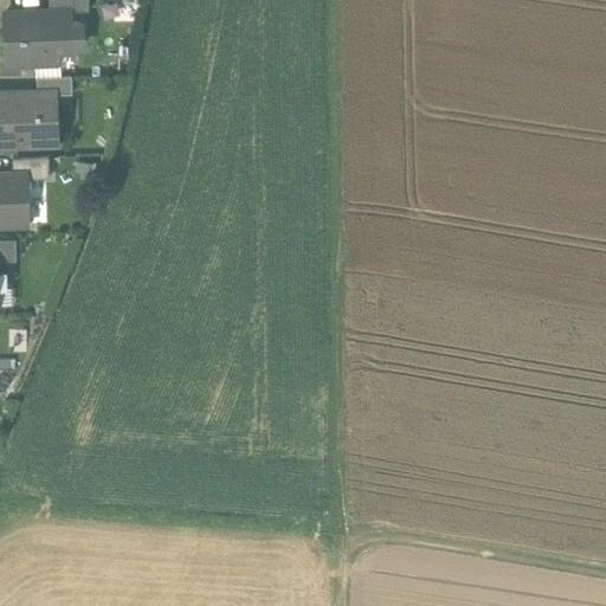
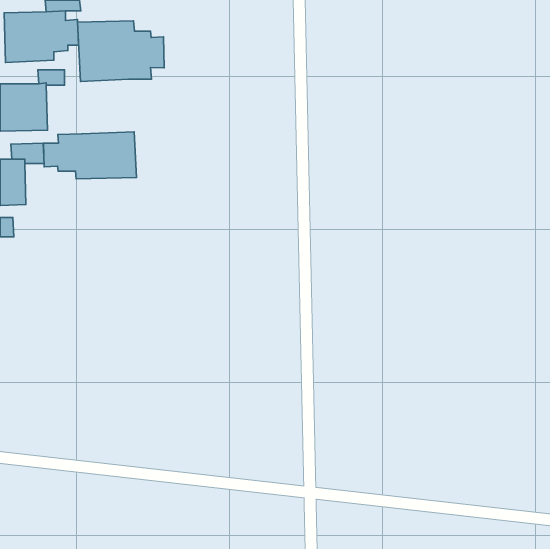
building: none -> [78,21,164,82]
building: none -> [44,132,137,179]

